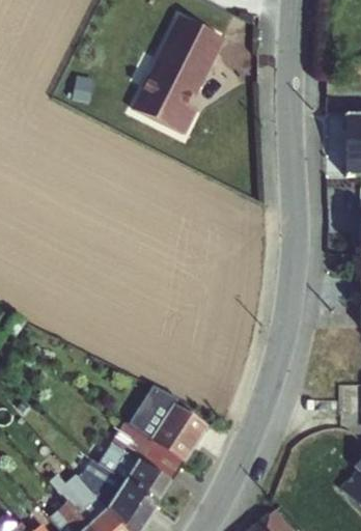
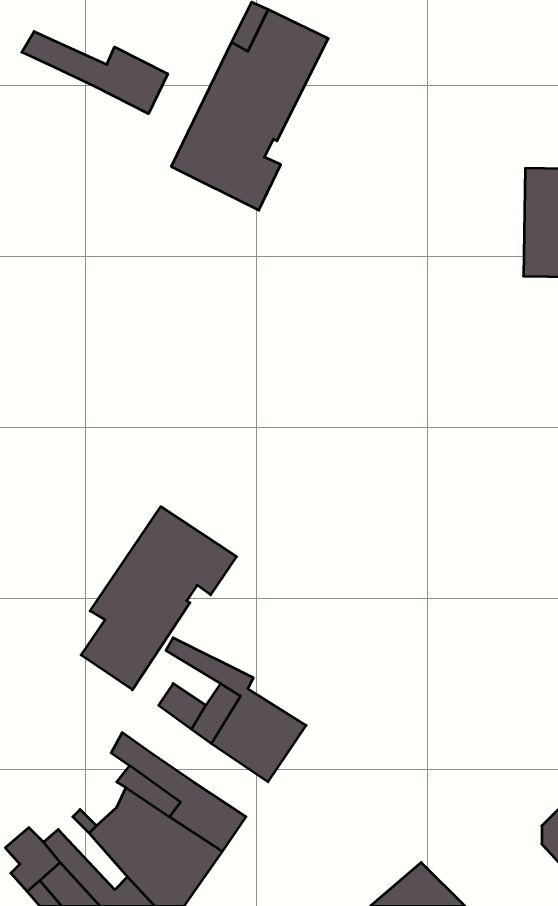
building: none -> [22,31,168,114]
building: none -> [81,507,237,690]
building: [145,439,188,478] -> none

